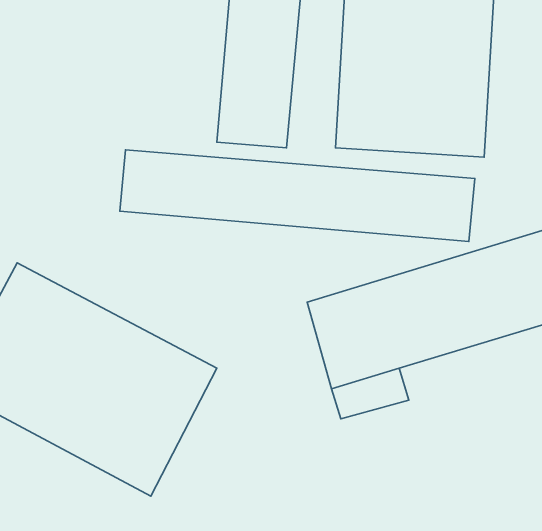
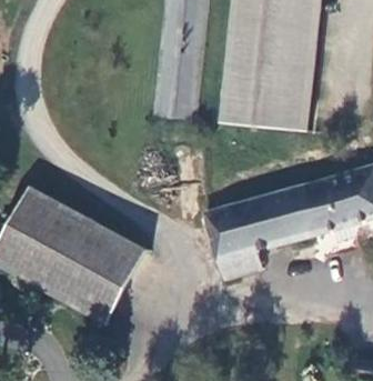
building: [120,150,475,242] -> none

